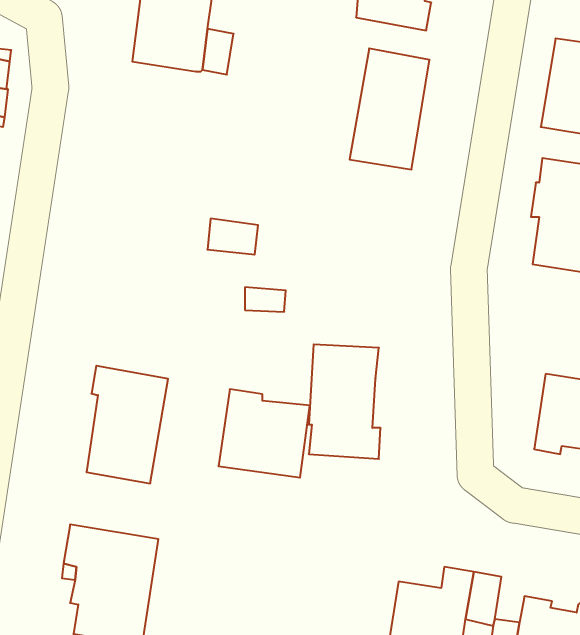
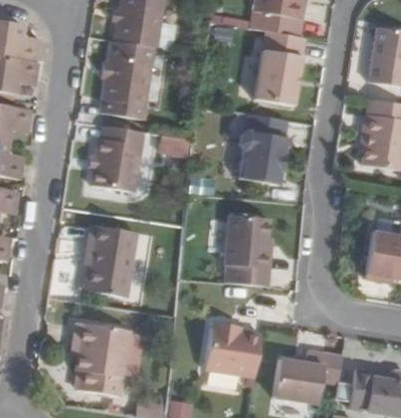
building: none -> [103,39,155,119]
building: none -> [237,117,284,189]
building: none -> [92,125,146,192]
building: [218,389,310,478] -> [203,323,259,377]

